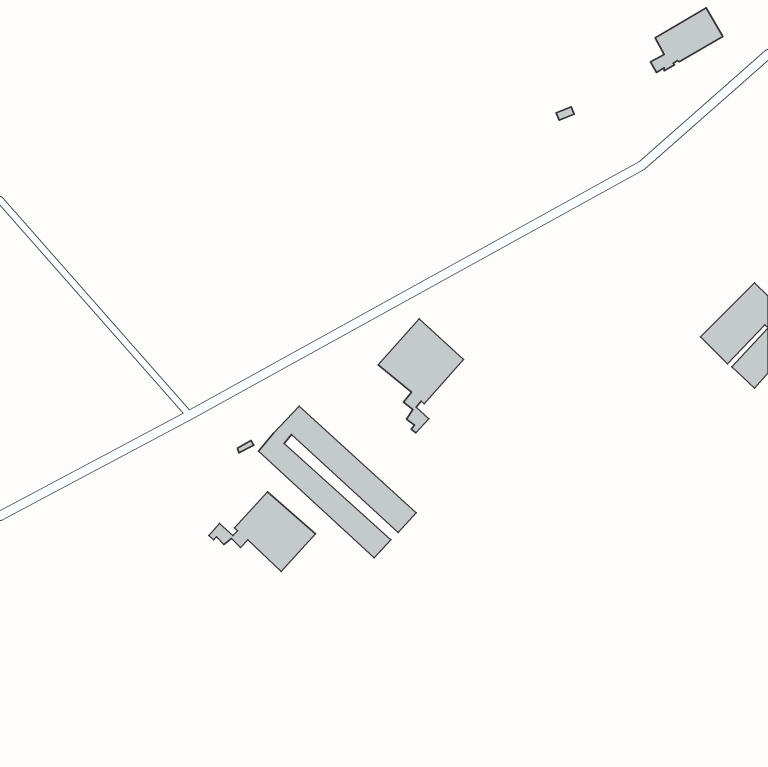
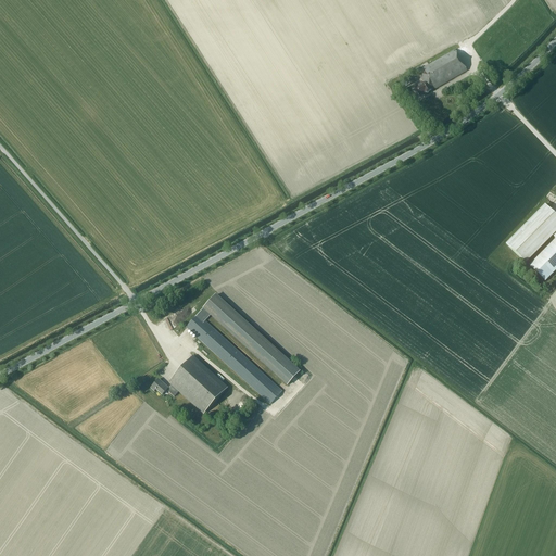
building: [651,8,723,72] -> [415,49,467,96]
building: [378,319,464,433] -> none

